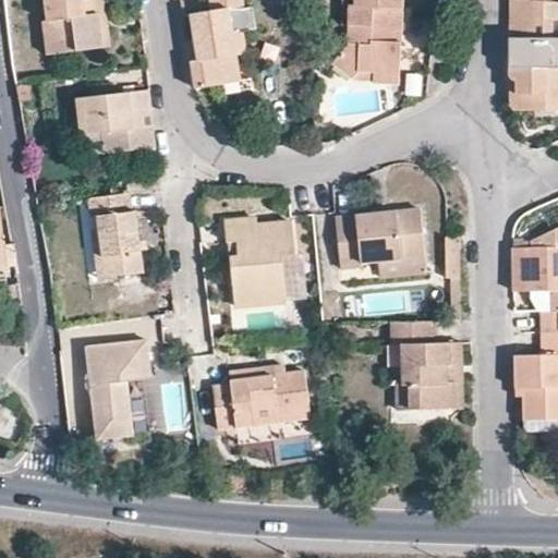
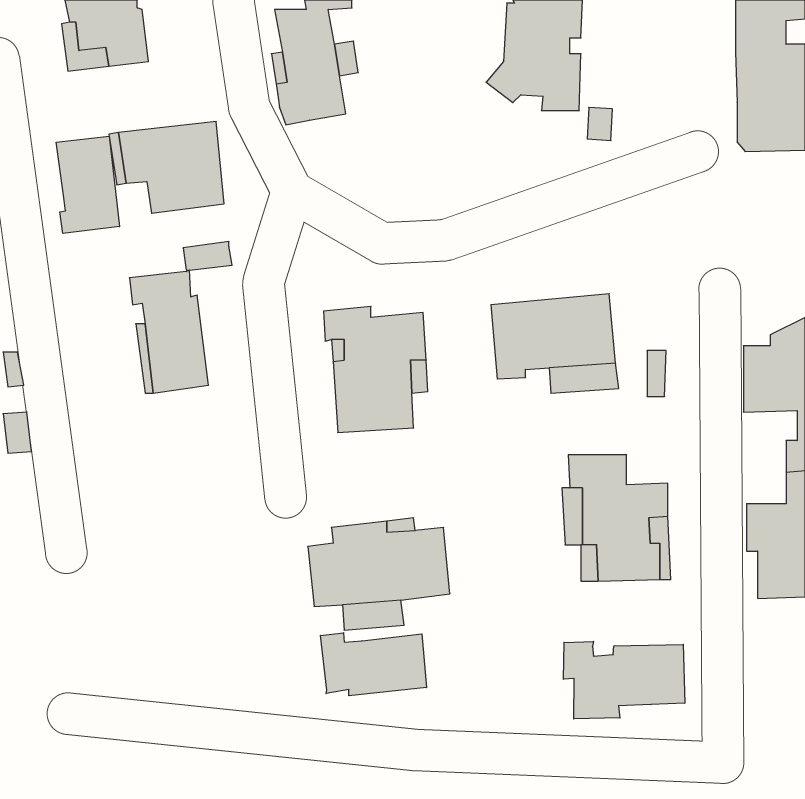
building: none -> [56,136,119,233]
building: [86,338,150,437] -> none
building: none -> [321,633,427,696]
building: none -> [563,641,685,719]

